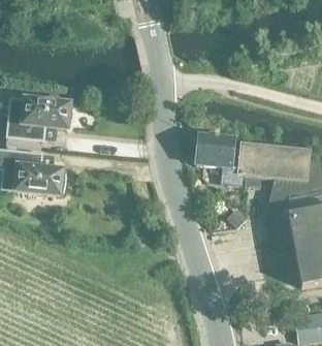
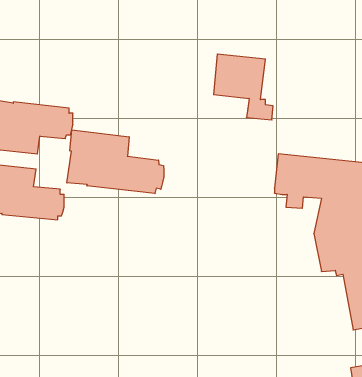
building: none -> [67,130,164,194]
building: [194,131,243,185] -> [214,54,273,120]

